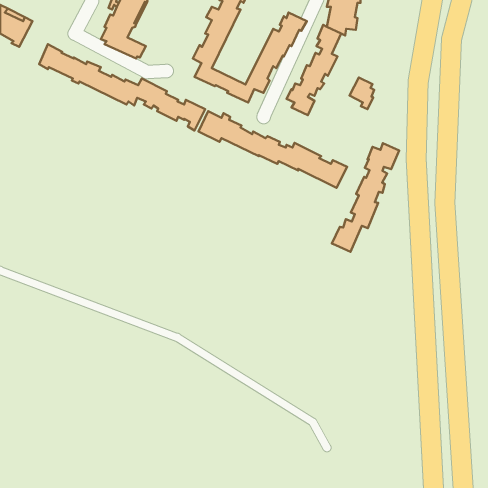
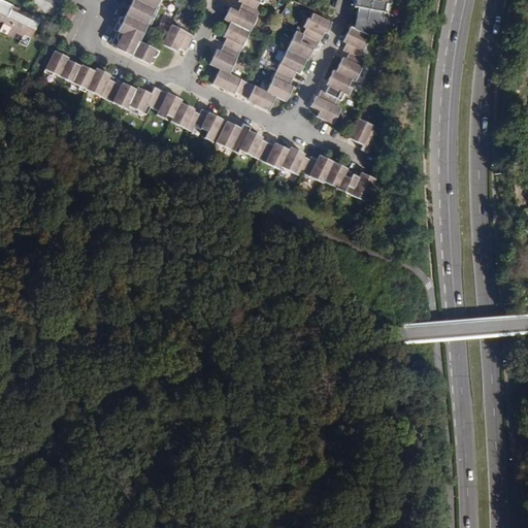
building: none -> [162,24,194,51]
building: [349,77,374,109] -> [348,119,374,153]
building: [332,143,399,252] -> none

